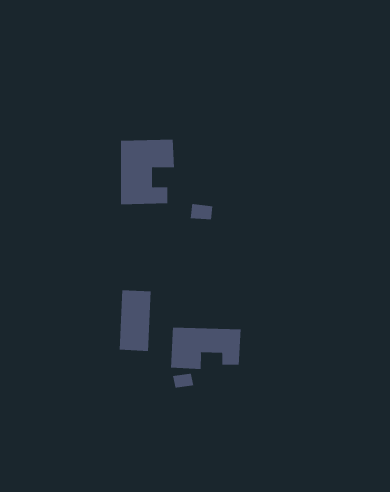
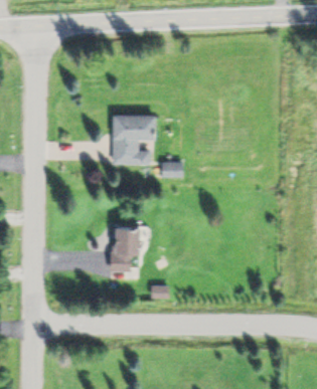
building: [170,327,241,370] -> none

